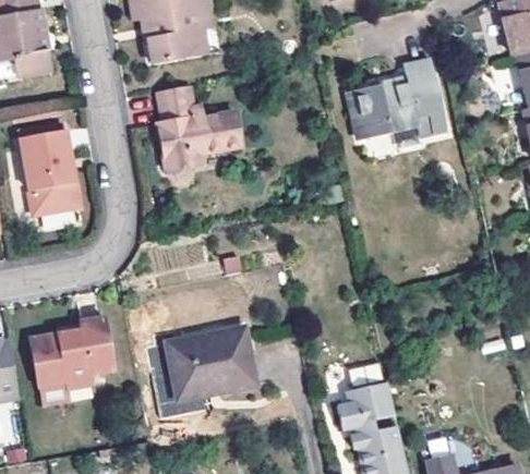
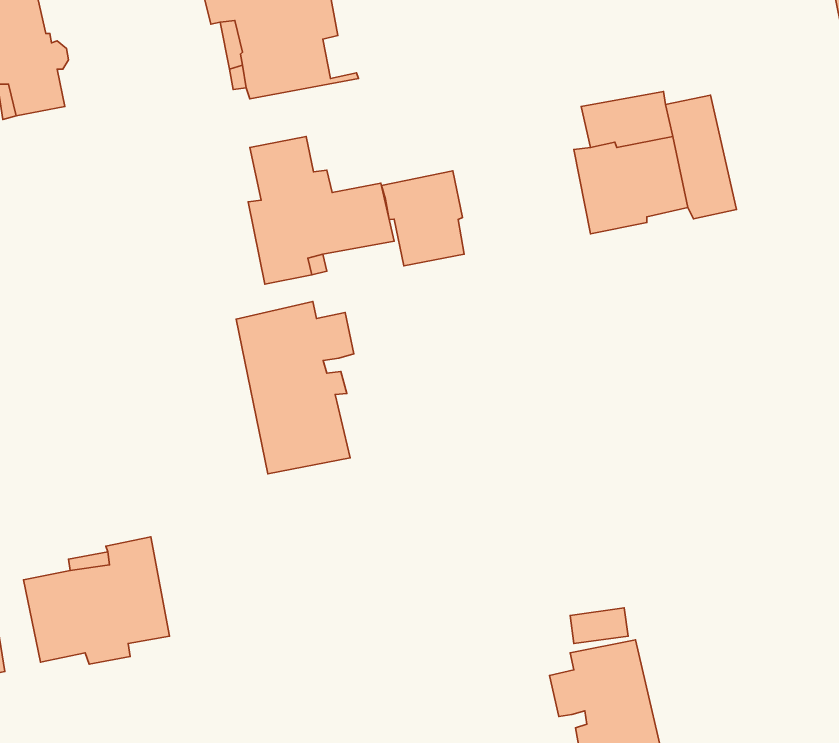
building: none -> [382,171,464,266]
building: [23,131,81,214] -> none
building: none -> [236,301,354,474]
building: [165,332,252,402] -> none

